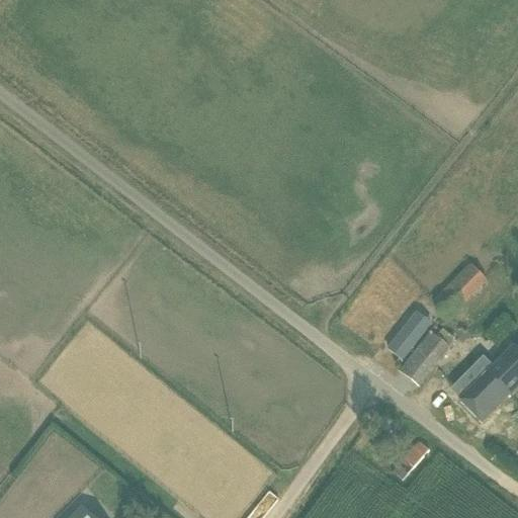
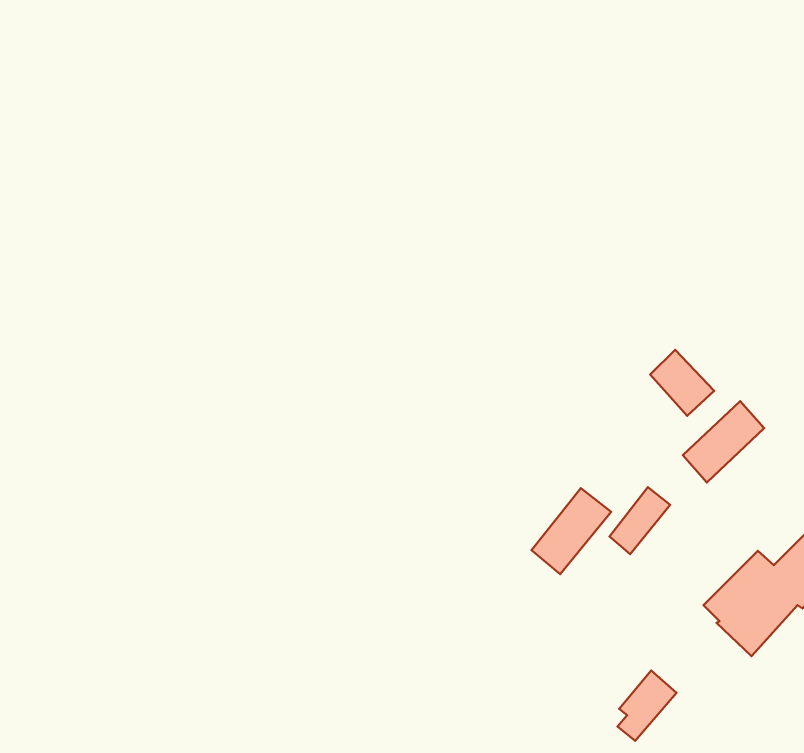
building: none -> [650,350,714,416]
building: [401,327,451,381] -> [531,488,611,574]

